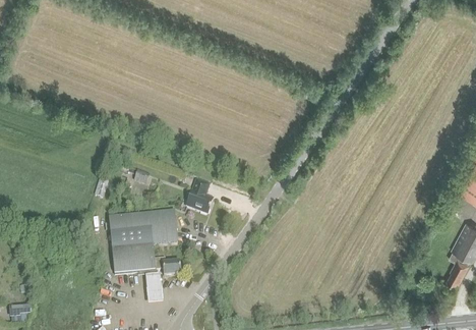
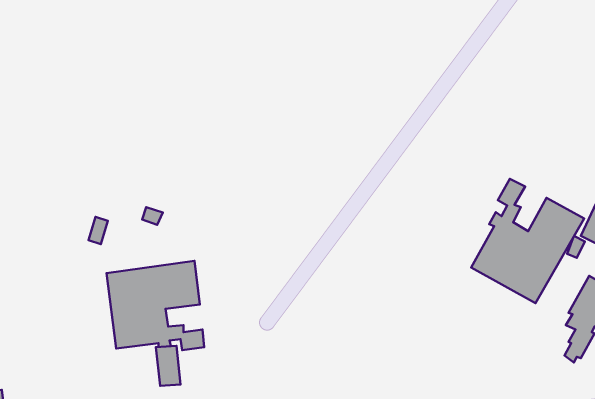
building: none -> [471,179,584,303]
building: [186,178,212,212] -> none

